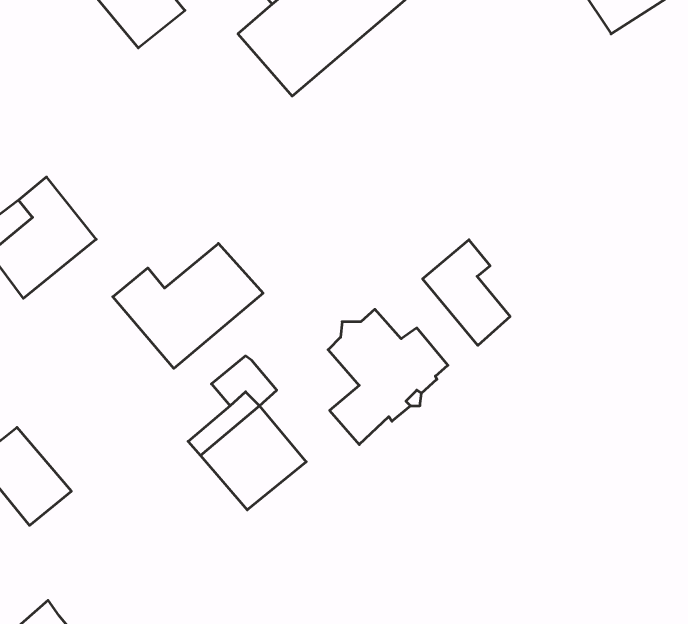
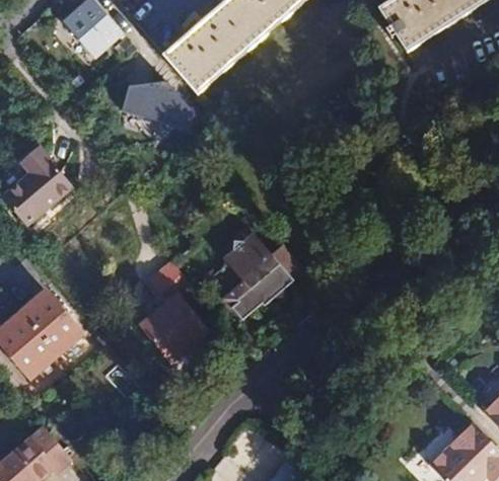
building: none -> [122,80,199,131]
building: [423,240,510,345] -> none
building: [113,243,263,368] -> none
building: none -> [19,289,79,350]

